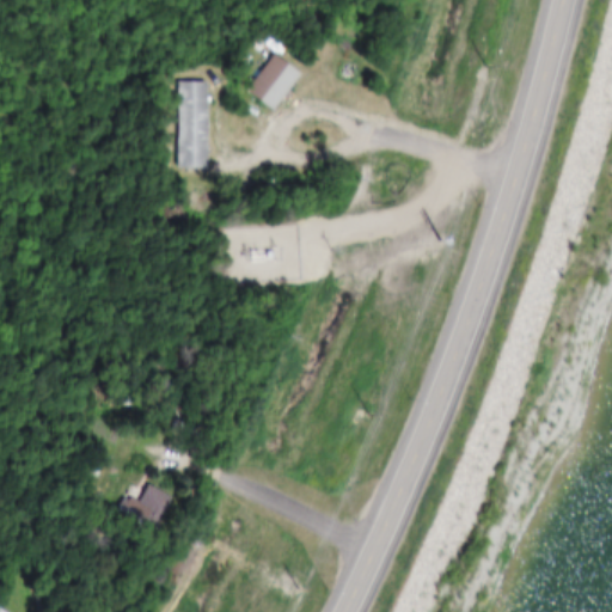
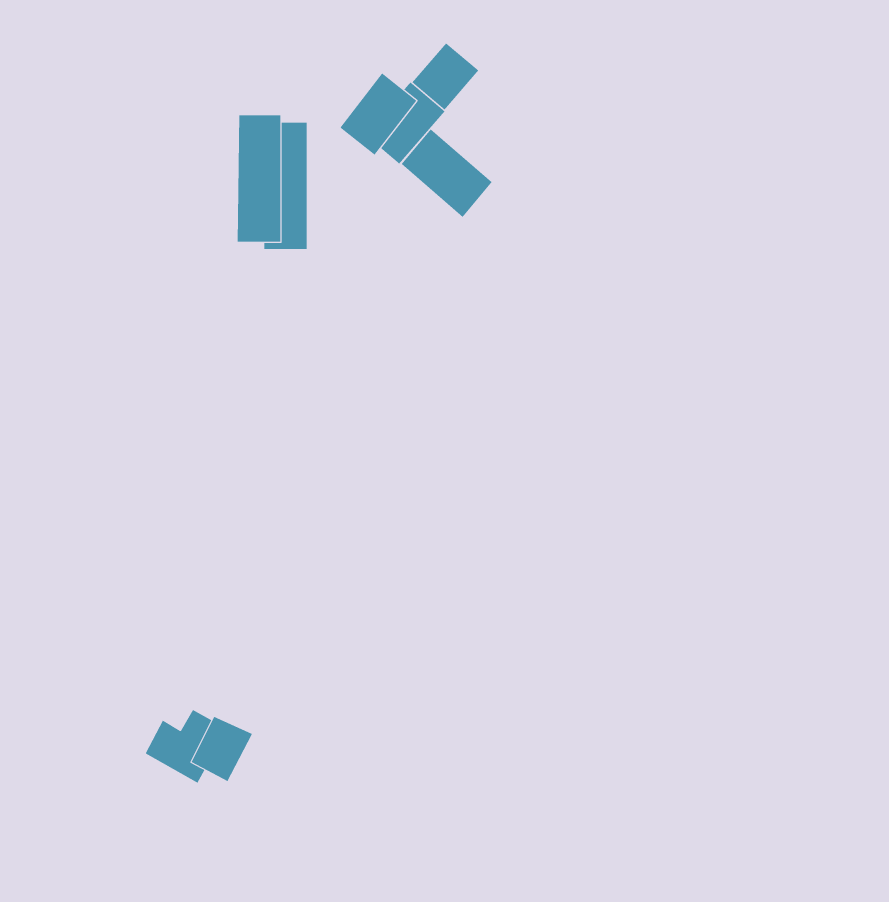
building: none -> [411,42,479,110]
building: none -> [401,128,493,218]

